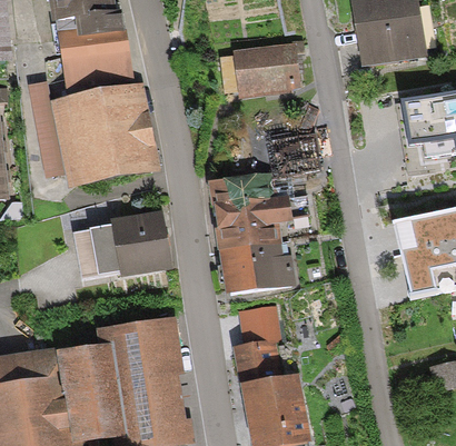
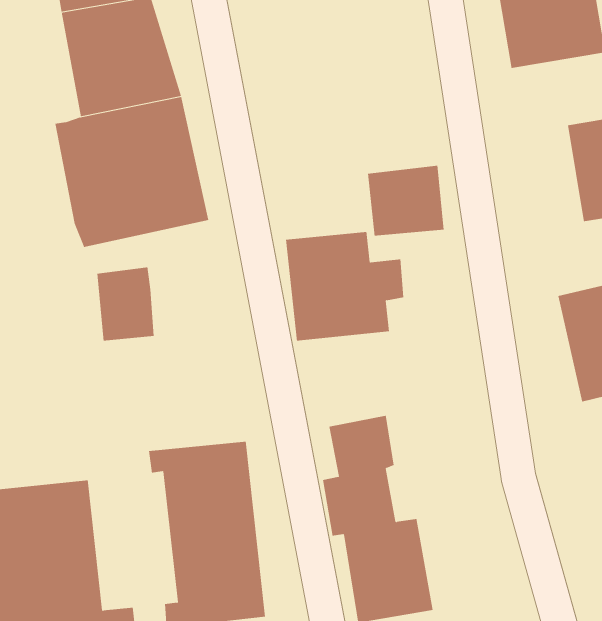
building: [232,42,293,90] -> none
building: [24,82,60,175] -> none
building: [113,212,174,265] -> none
building: [214,246,293,293] -> none
building: [70,343,131,438] -> none

